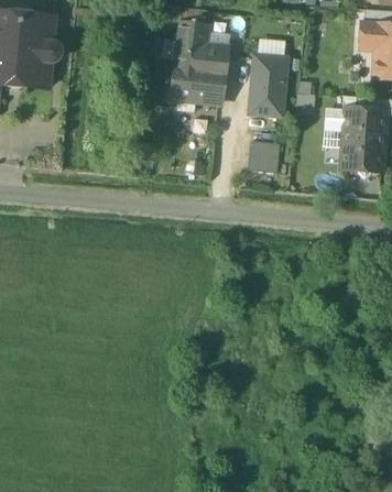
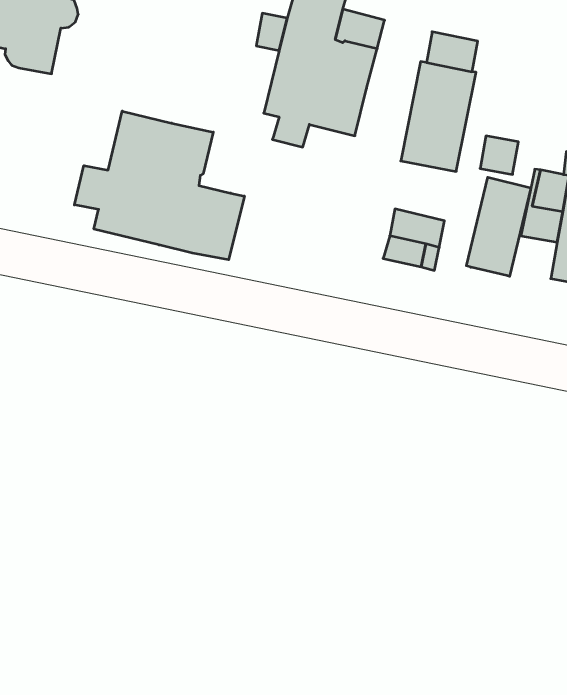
building: none -> [74,111,244,260]
building: none -> [466,177,531,276]

